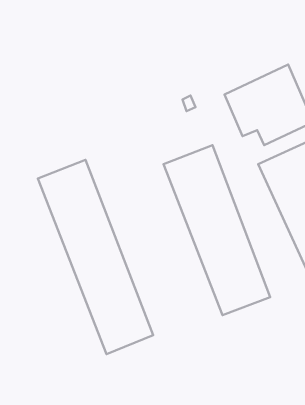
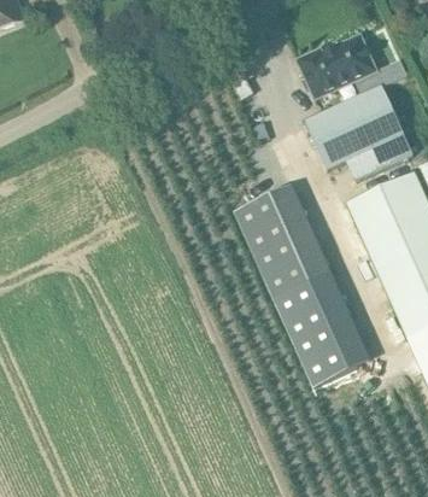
building: none -> [300,33,377,95]
building: [38,160,153,354] -> none

